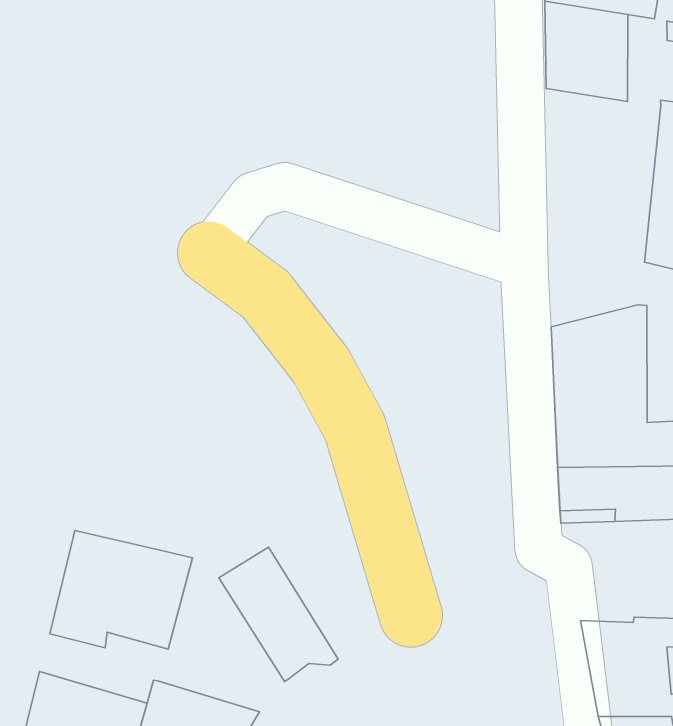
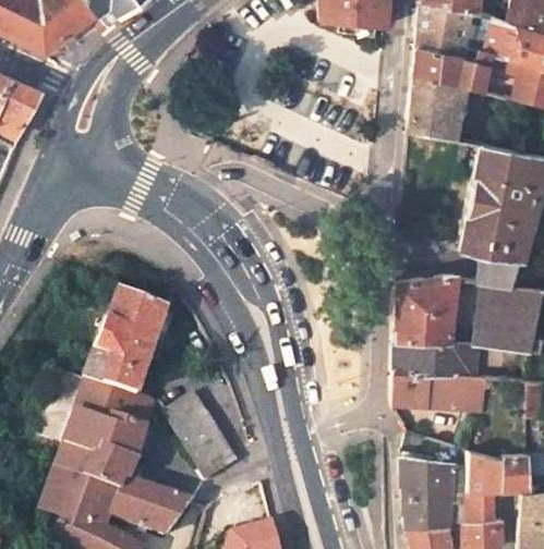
building: none -> [86,285,171,396]
building: none -> [58,441,140,490]

